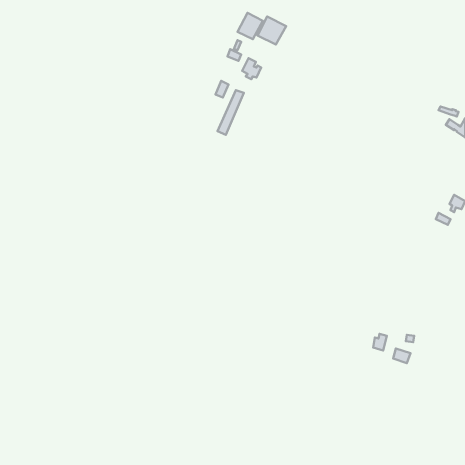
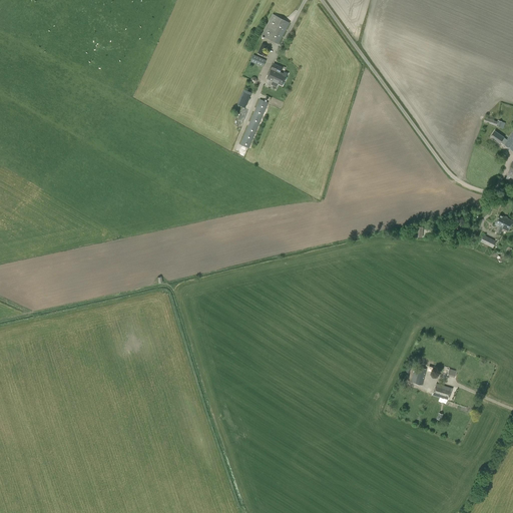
building: [257,16,286,45] -> none

